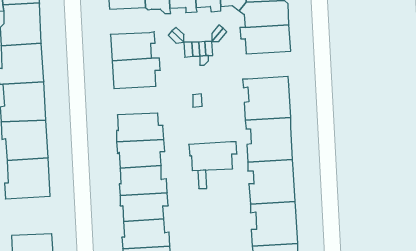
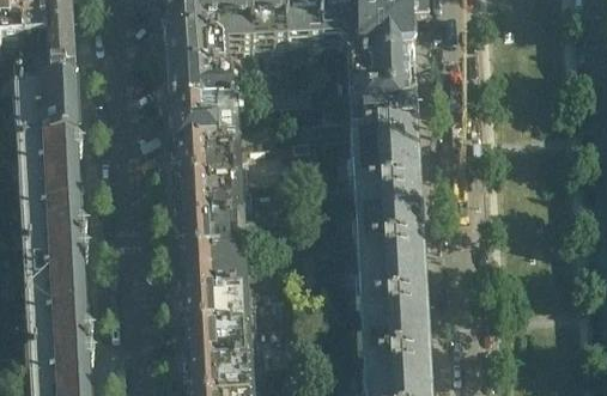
building: none -> [169,30,227,67]
building: none -> [350,90,418,128]
building: [189,142,237,171] -> [175,138,241,177]
building: none -> [26,288,90,342]

